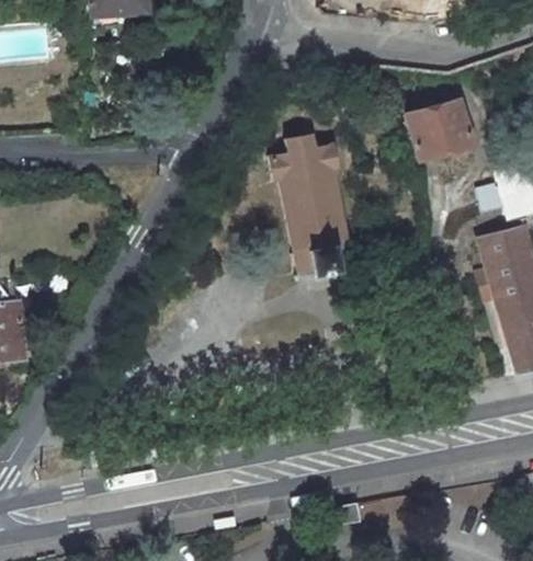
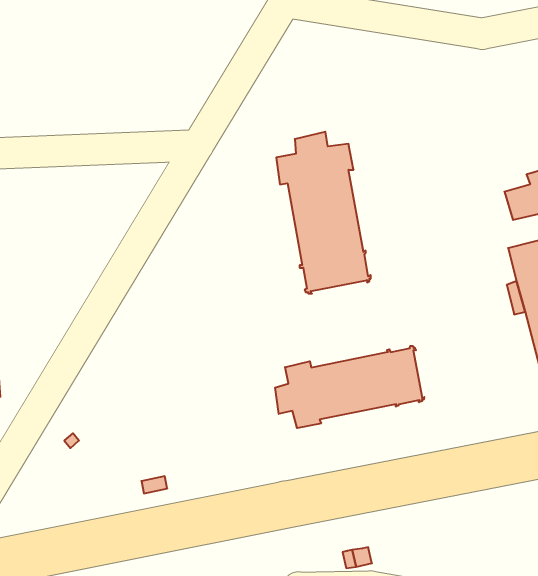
building: [407,101,472,158] -> none
building: none -> [275,346,424,428]

